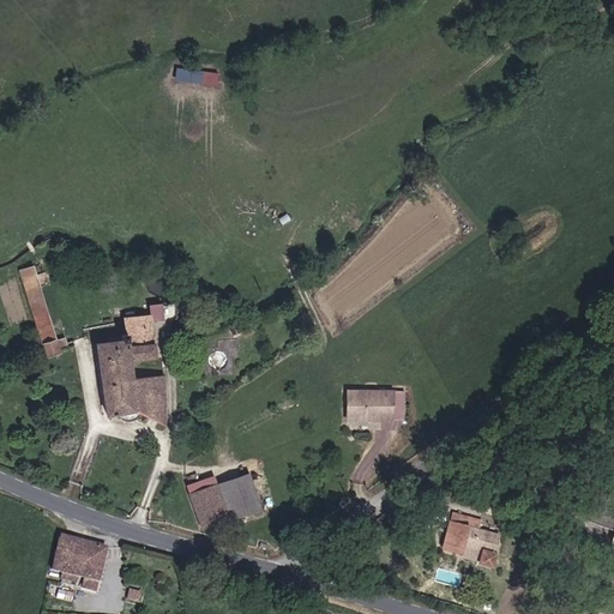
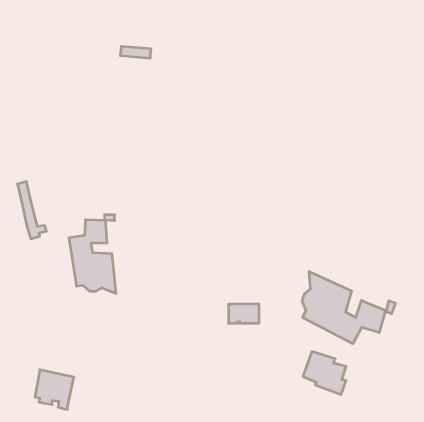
building: [347,387,391,415] -> [228,304,259,323]
building: none -> [302,271,395,344]
building: [183,464,261,532] -> none

